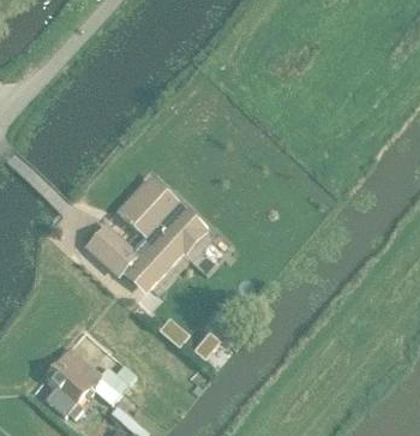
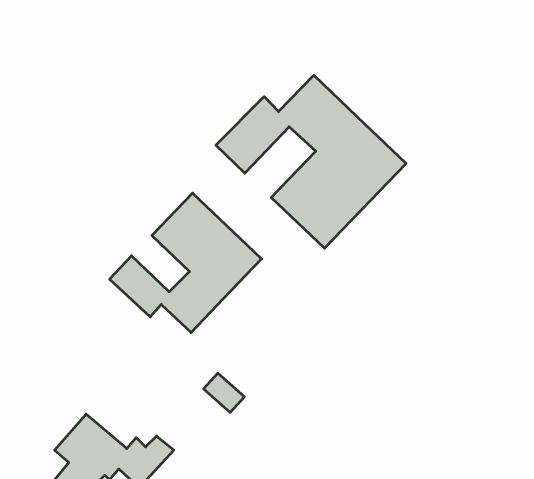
building: none -> [216,75,406,248]

